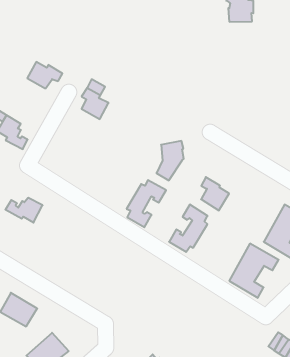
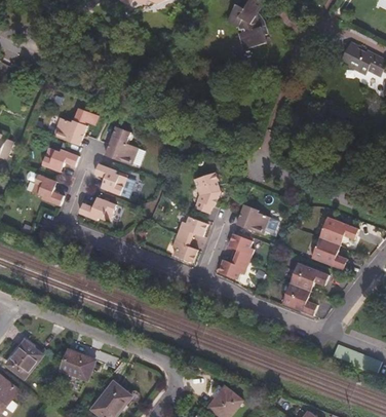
building: none -> [40,146,77,169]
building: none -> [92,161,124,193]
building: [5,198,43,223] -> [78,197,114,221]

